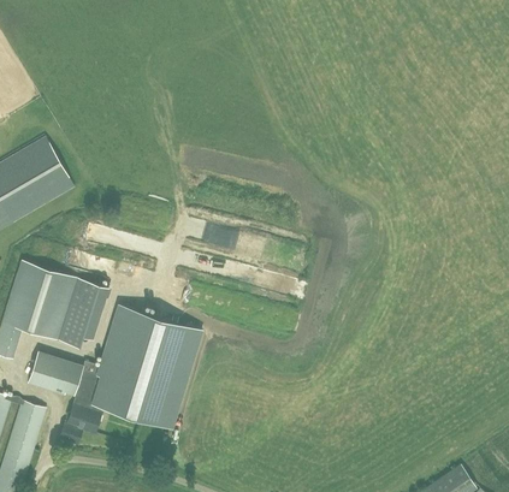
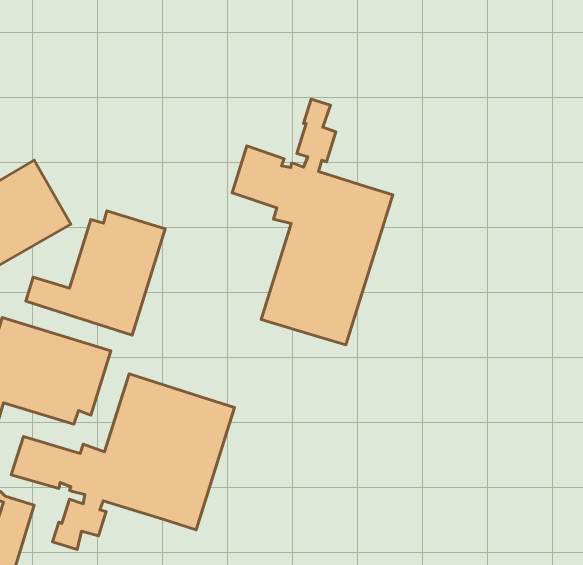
building: none -> [232,99,393,345]
building: none -> [26,211,165,335]

